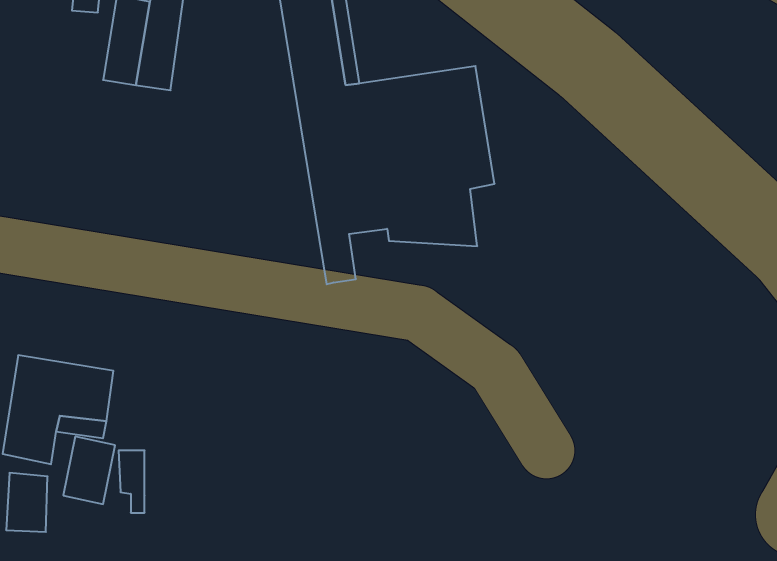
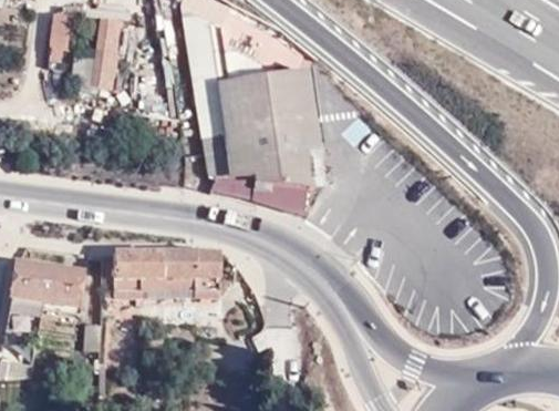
building: none -> [99,249,228,301]

